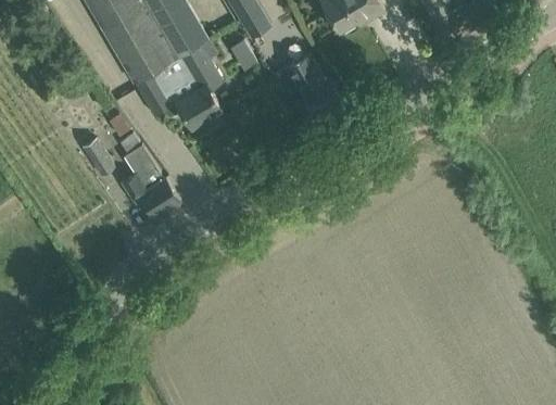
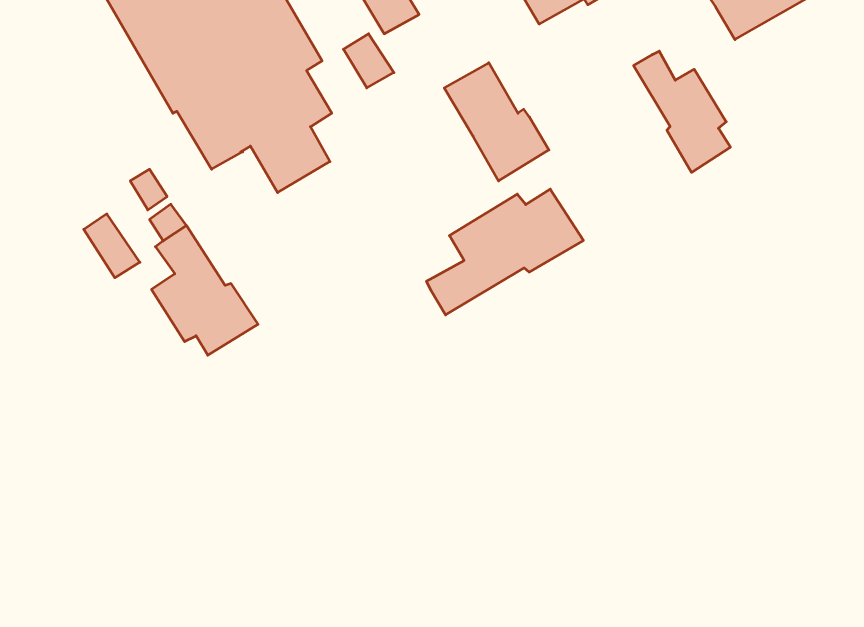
building: none -> [634,51,730,172]
building: none -> [427,189,583,315]

